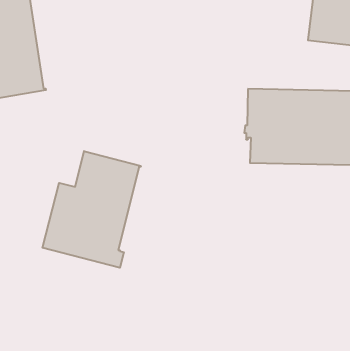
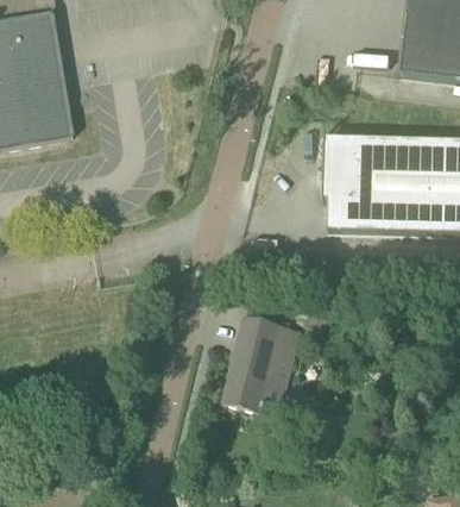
building: [42,151,141,268] -> none
building: none -> [223,313,302,414]

